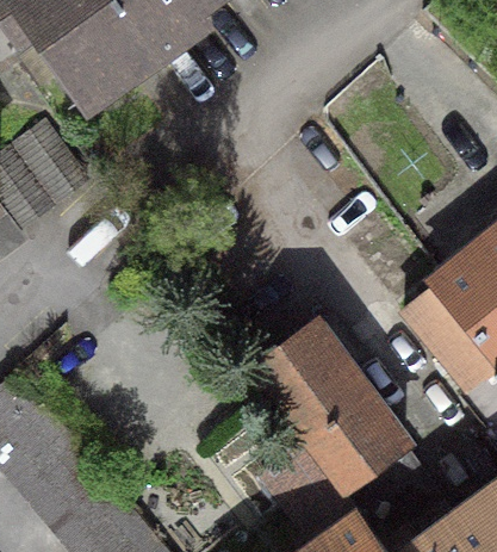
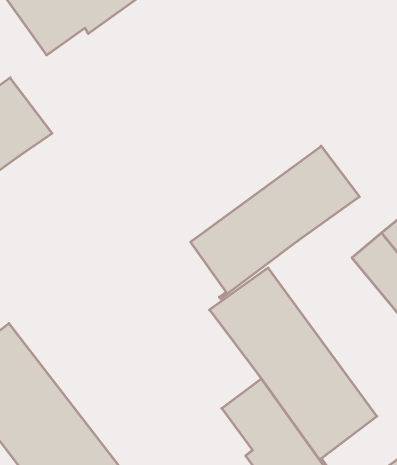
building: none -> [191,146,359,299]

